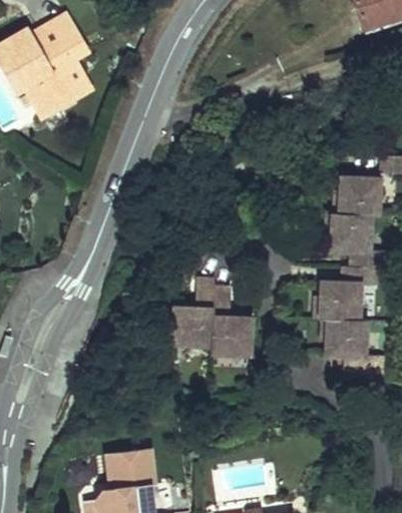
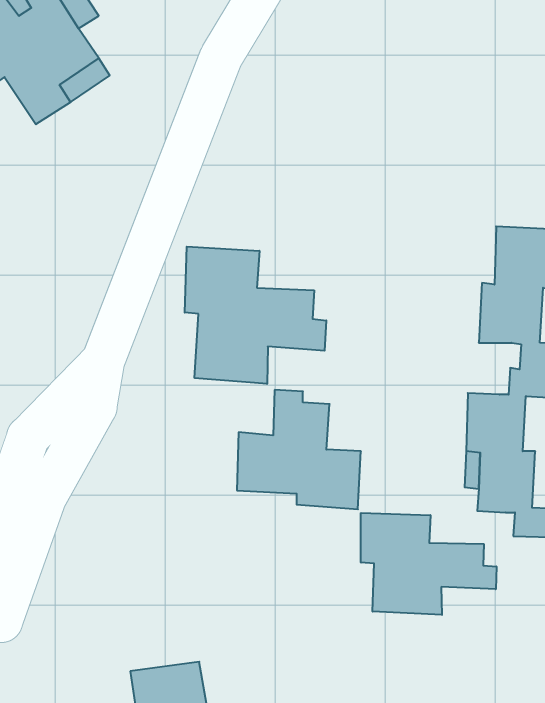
building: none -> [185,247,326,384]
building: none -> [361,513,496,615]

